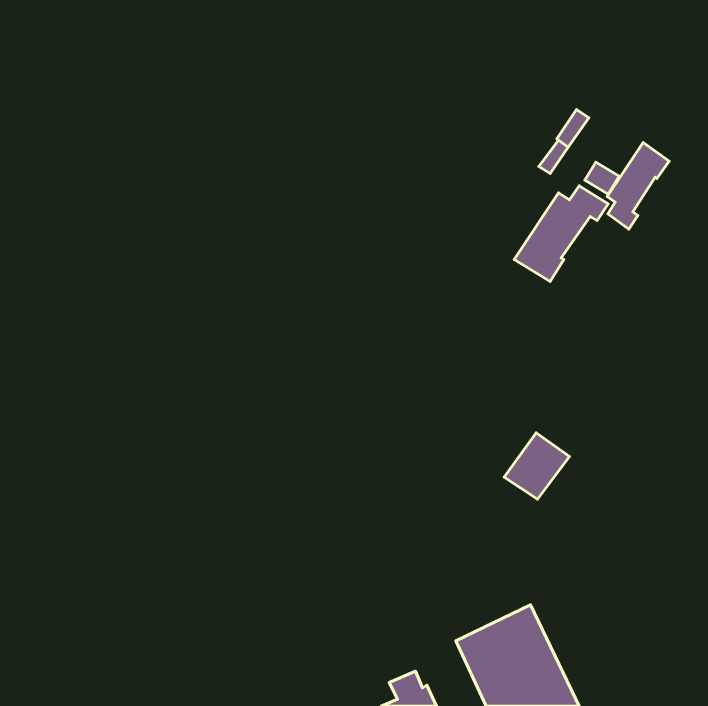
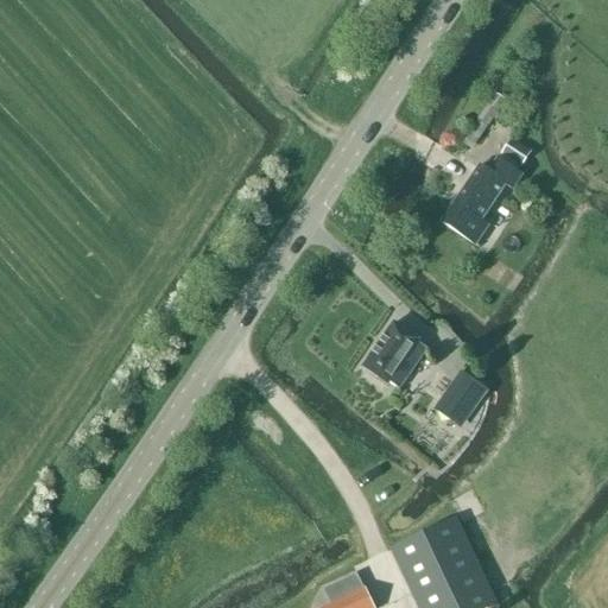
building: [607,142,669,229] -> none
building: none -> [362,323,426,390]

